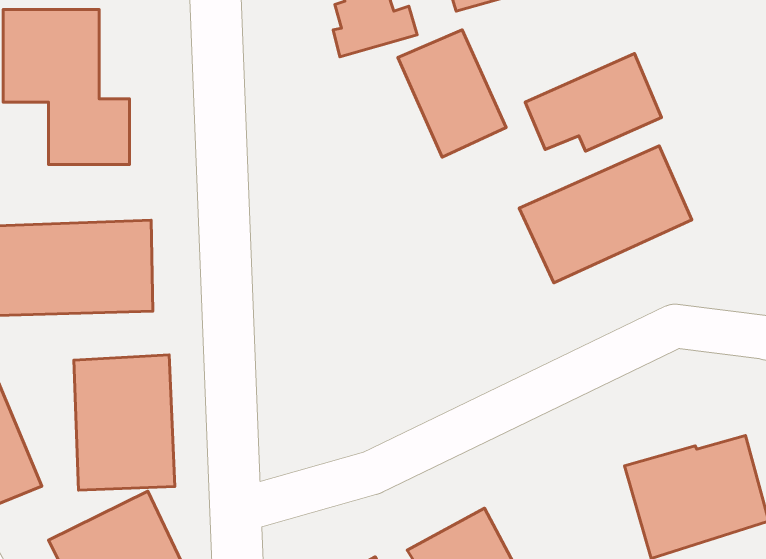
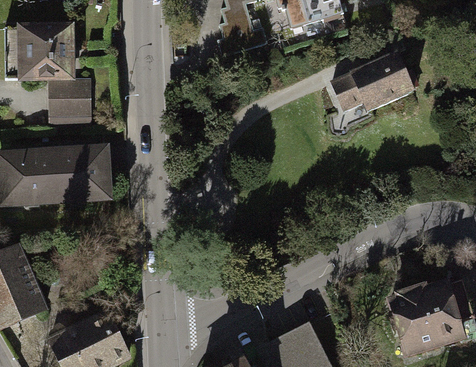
building: [398,30,506,157] -> none
building: [519,146,692,283] -> none
building: [74,355,175,490] -> none

